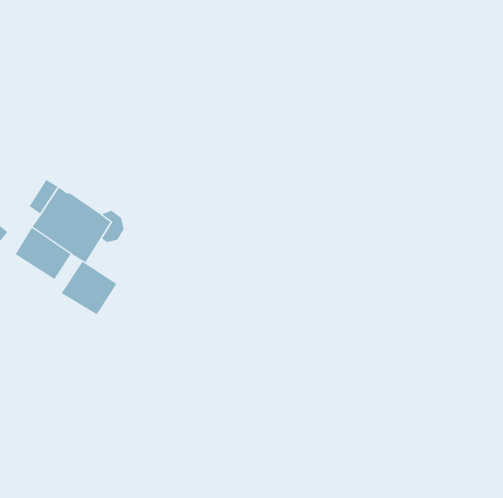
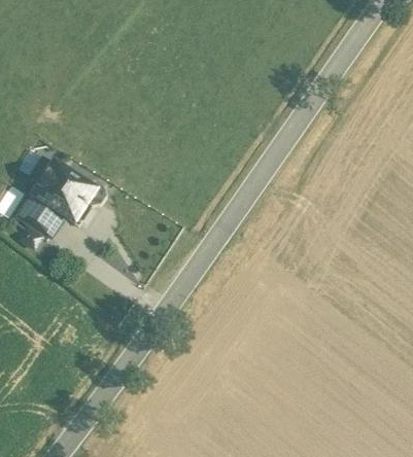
building: [61,261,117,315] -> none

